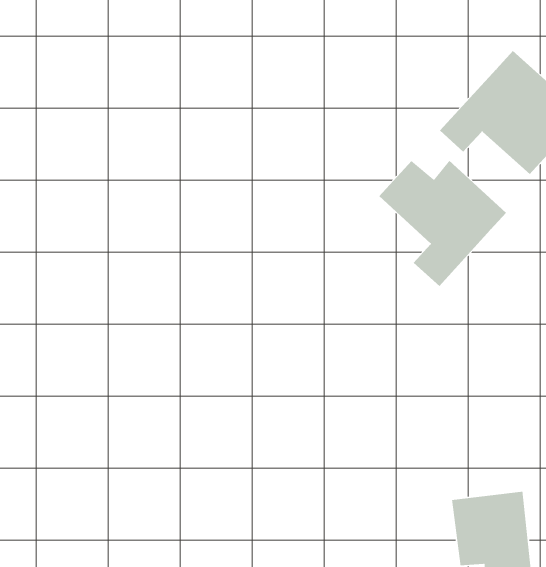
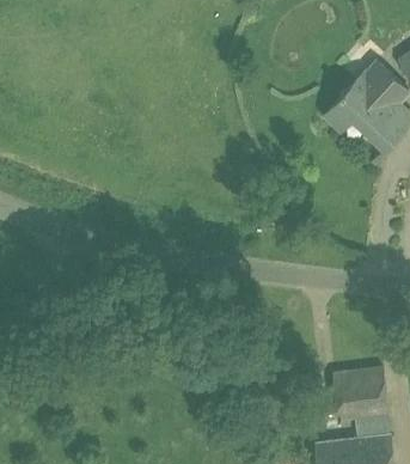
building: [379,160,507,287] -> none

